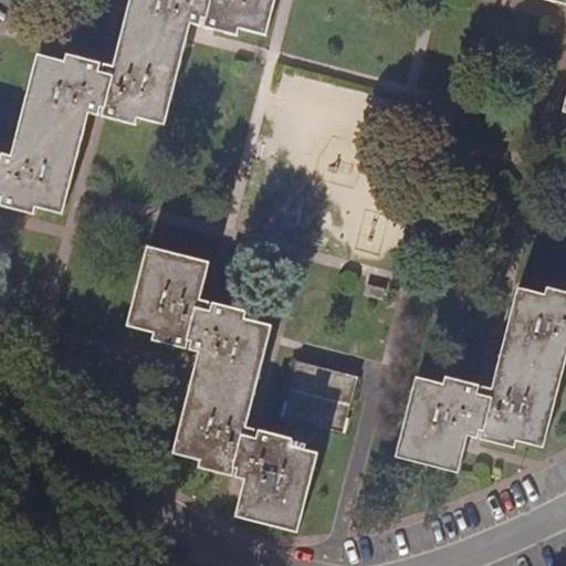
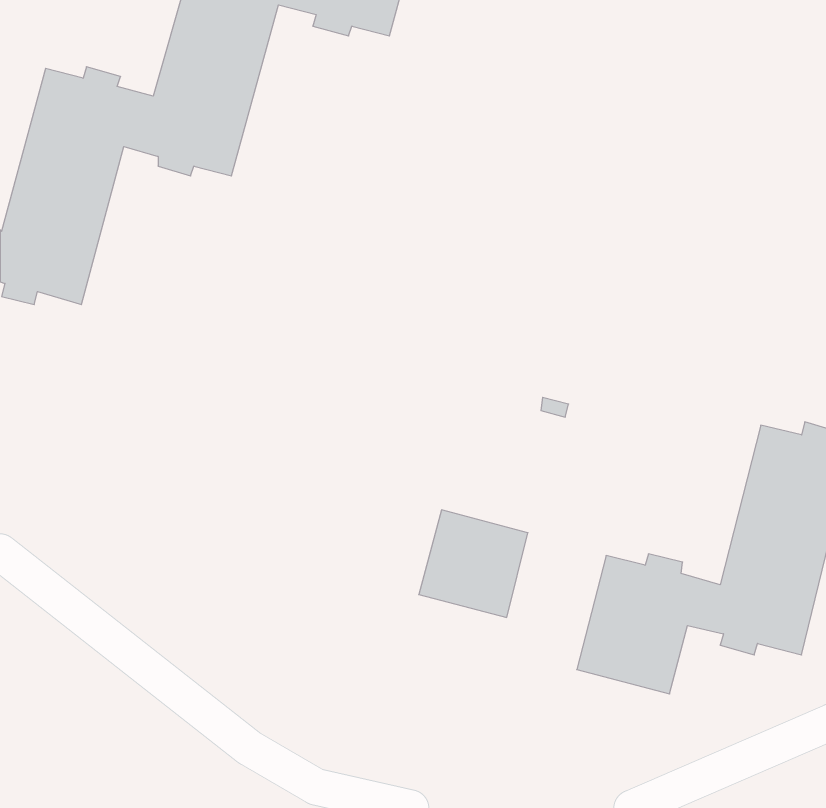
building: [125,248,314,537] -> none

